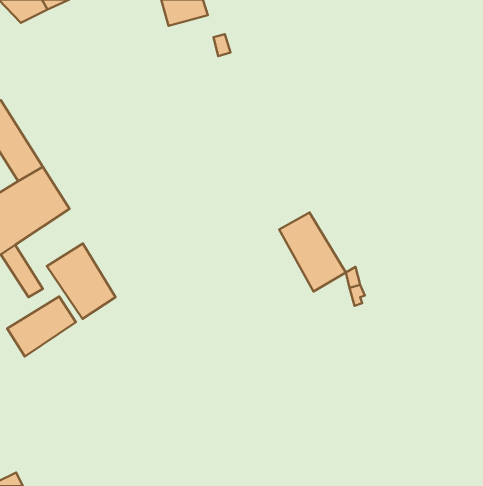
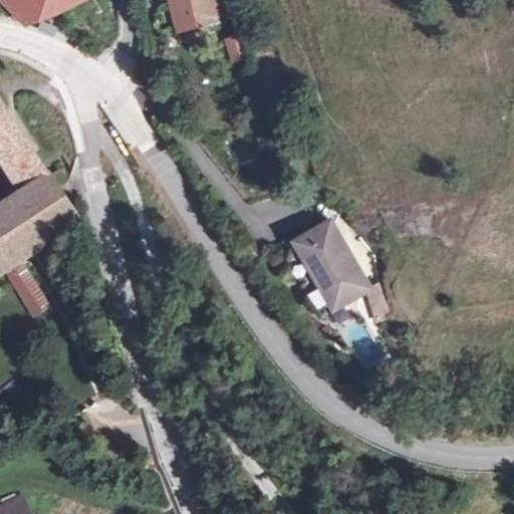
building: [47,243,116,319] -> none
building: [7,296,76,356] -> none

